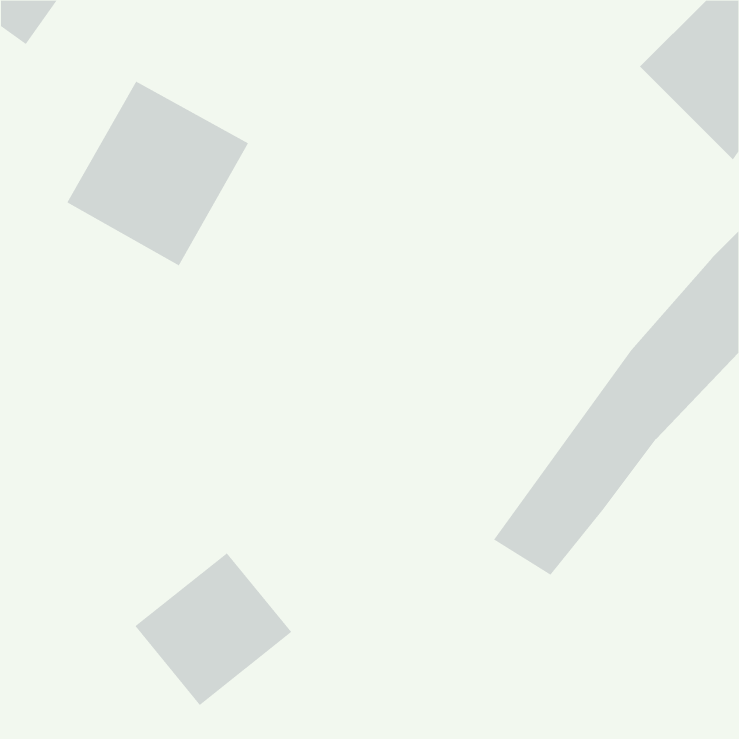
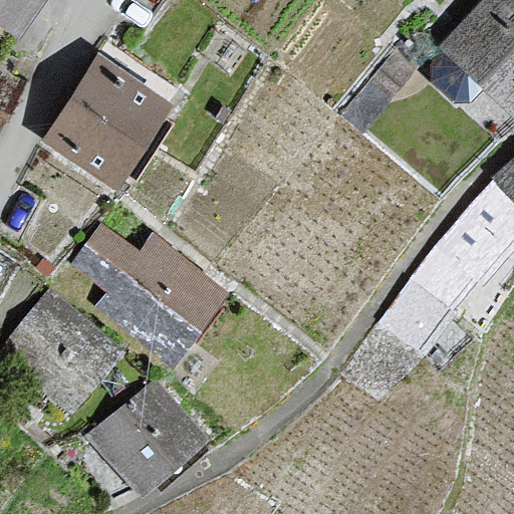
building: none -> [76,227,225,360]
building: none -> [5,295,116,407]

